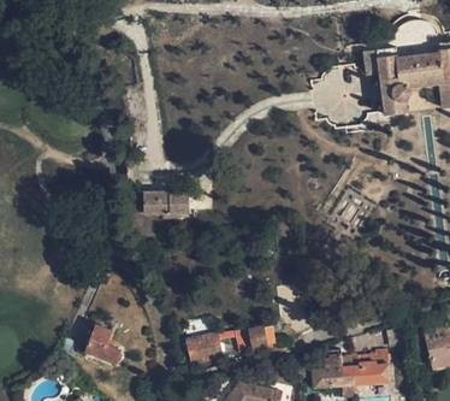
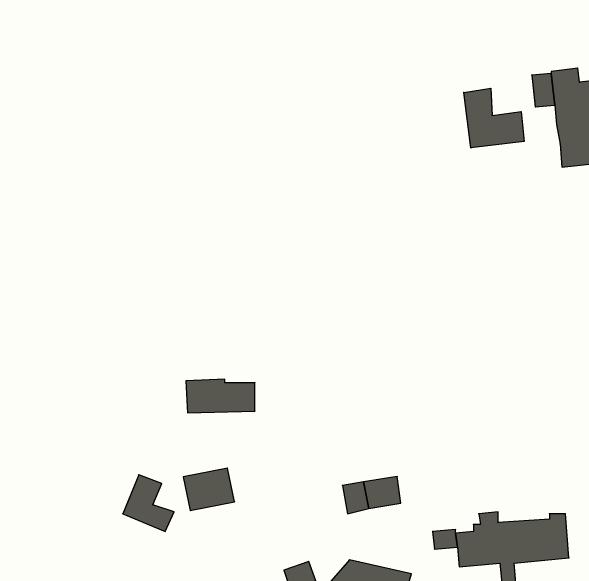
building: none -> [464,88,524,148]
building: [142,191,189,214] -> [186,379,255,413]
building: [186,335,221,364] -> [183,468,235,511]

